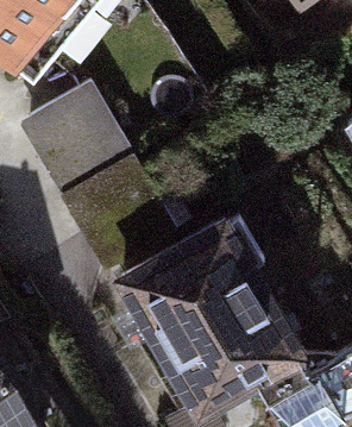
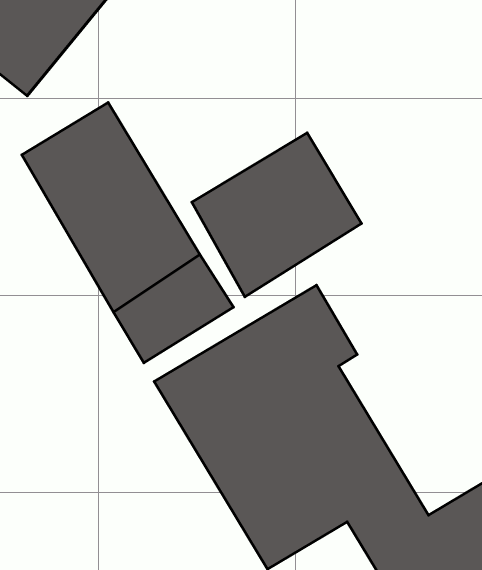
building: none -> [192,133,361,297]

